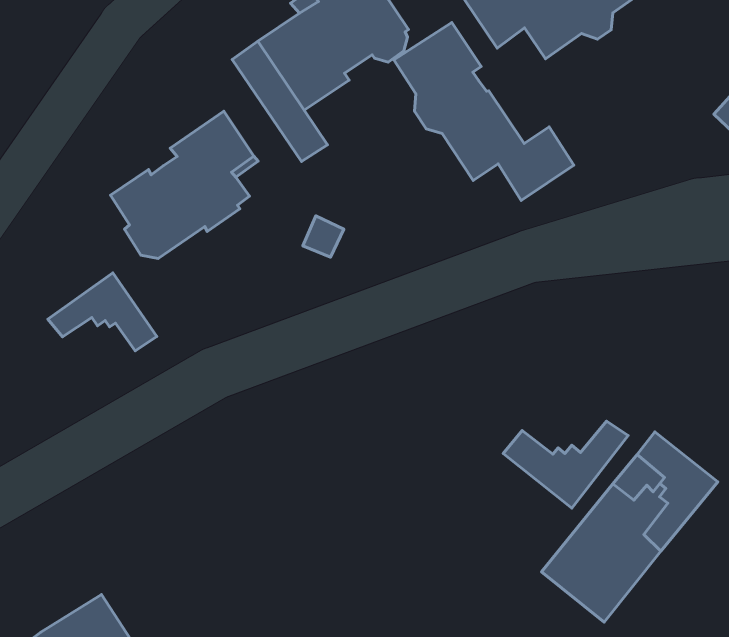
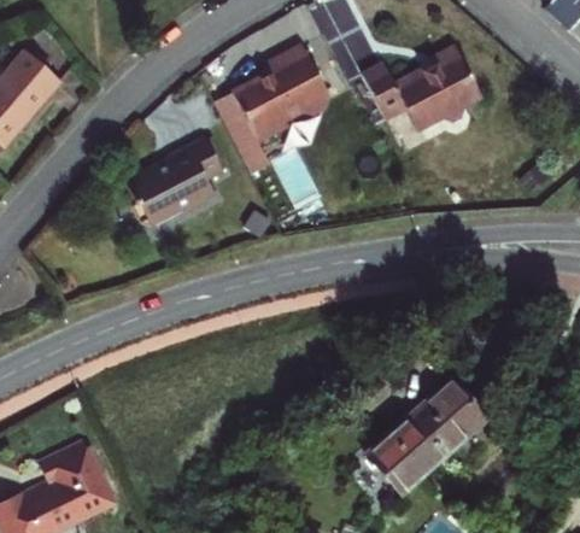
building: [394,22,574,201] -> none
building: [48,273,157,351] -> none
building: [503,421,628,508] -> none

